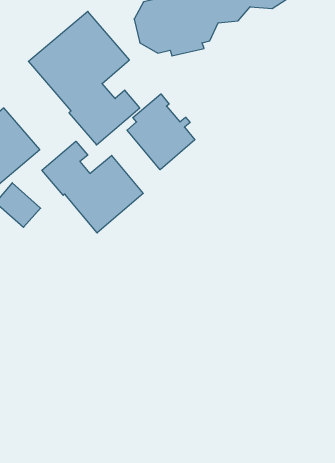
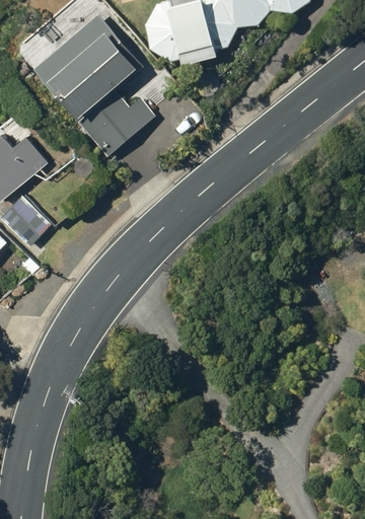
building: [127,94,195,170] -> none
building: [42,141,143,233] -> none

